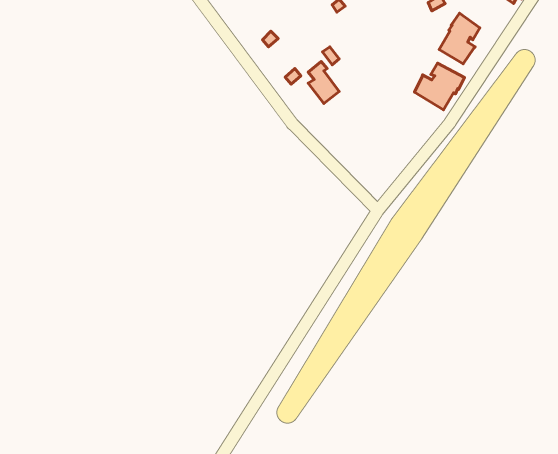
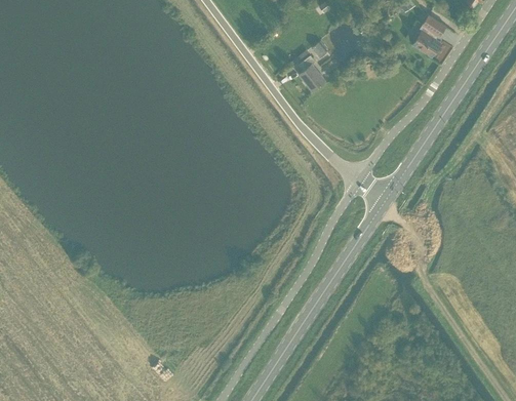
building: [414,63,464,110] -> none

